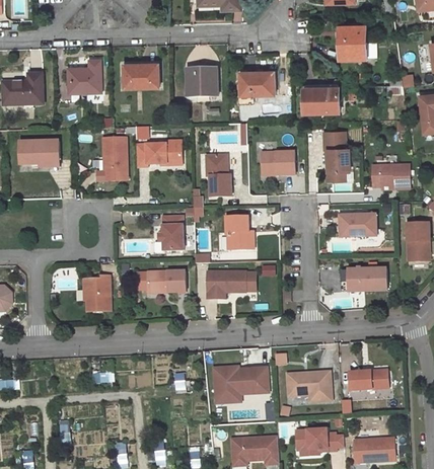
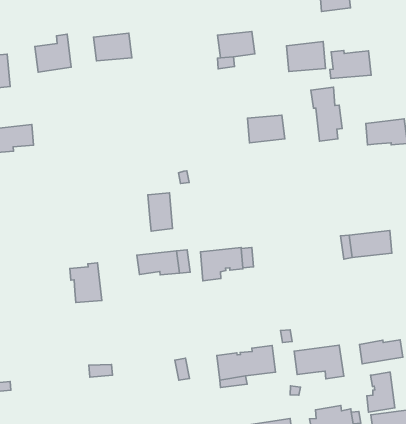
building: [187,68,217,95] -> none
building: none -> [330,50,371,79]
building: [103,136,127,179] -> none
building: [136,140,182,166] -> none
building: [206,155,231,197] -> none
building: [340,214,376,236] -> none
building: [226,218,252,251] -> none
building: none -> [367,372,395,412]

